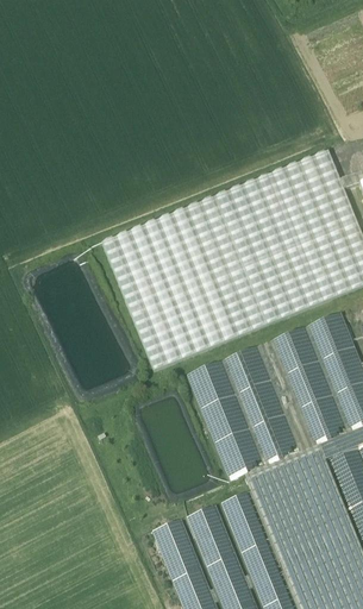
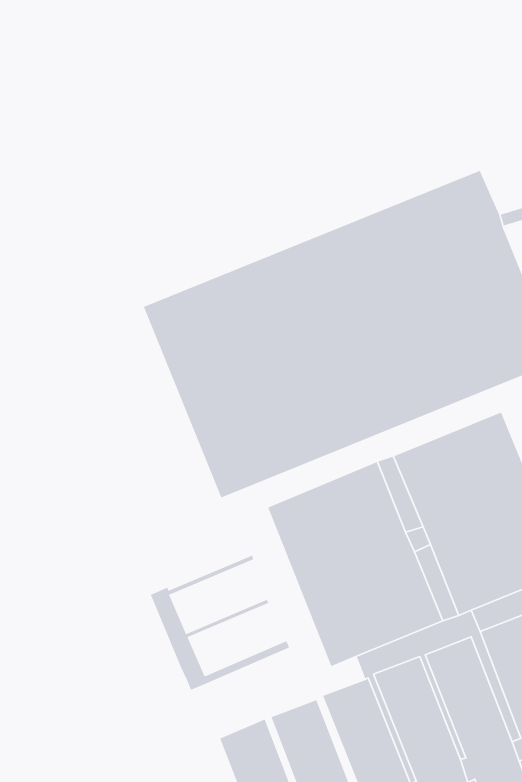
building: none -> [150,555,290,691]

